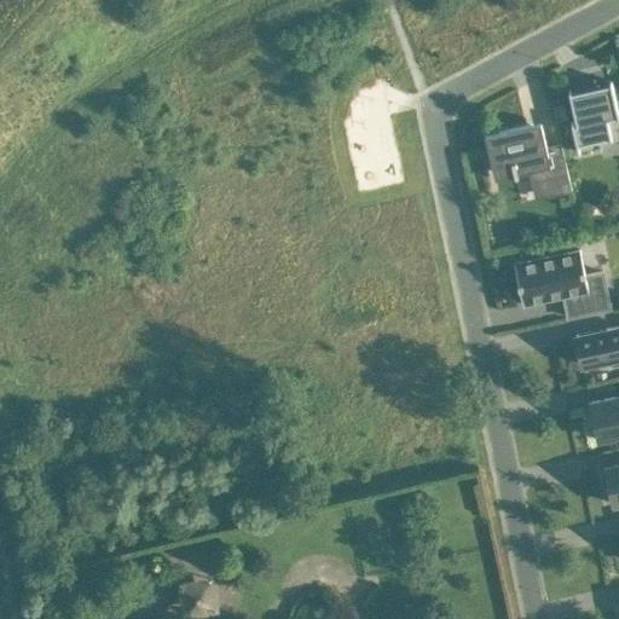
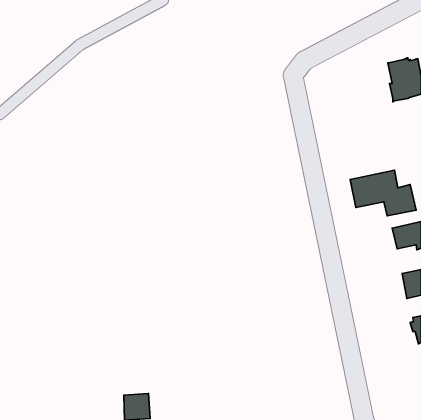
building: [484,125,571,198] -> none

